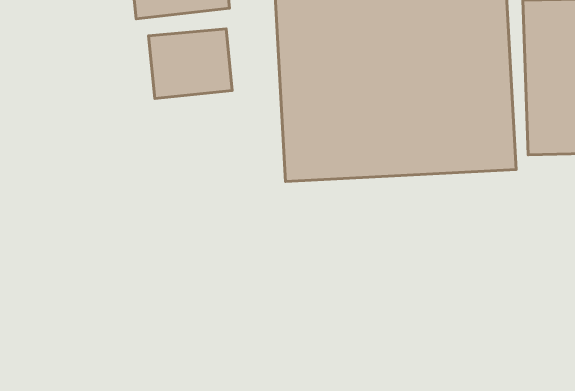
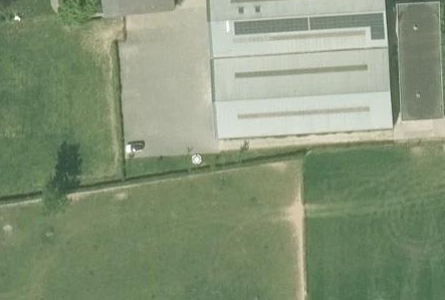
building: [149,29,232,98] -> none

